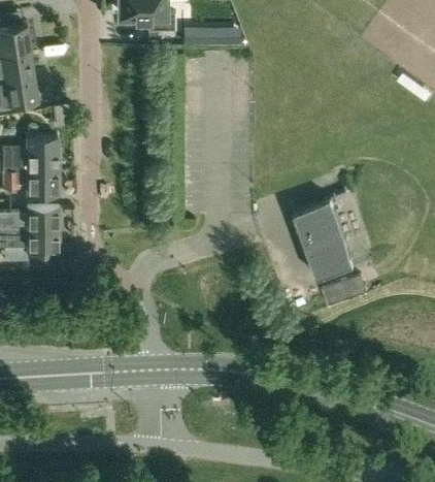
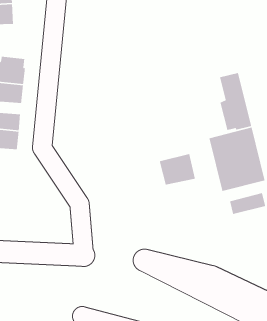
building: none -> [219,72,252,131]
building: none -> [159,153,196,185]

